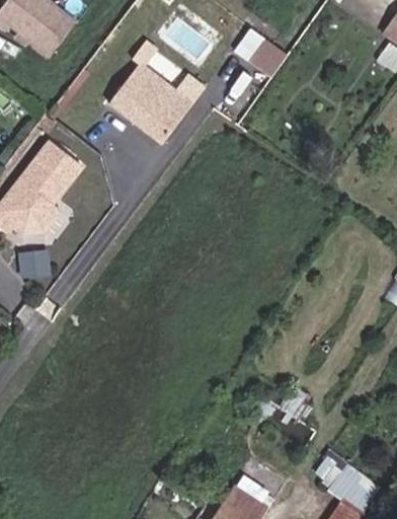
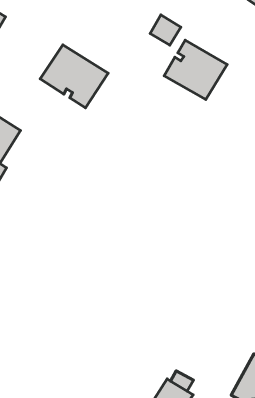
building: none -> [164,40,227,99]

